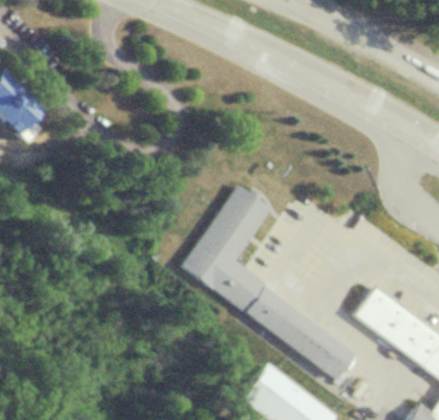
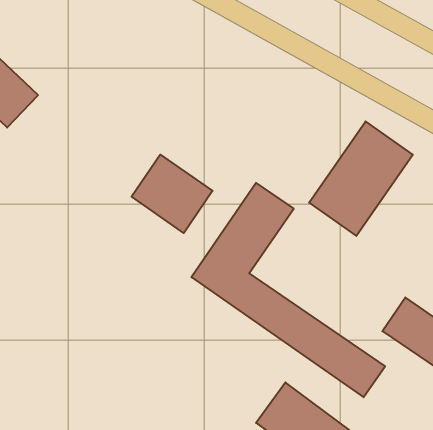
building: none -> [309,121,413,236]
building: none -> [132,155,213,233]

